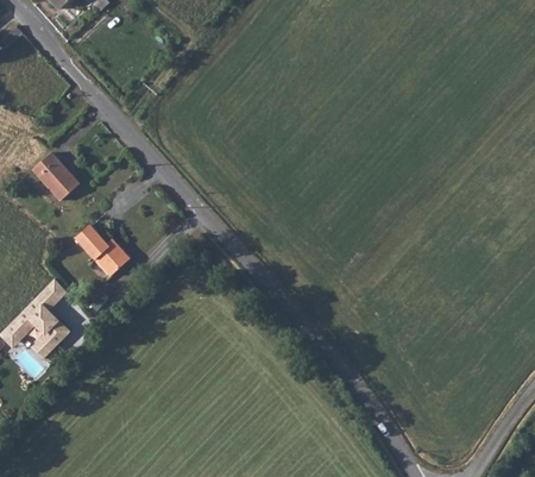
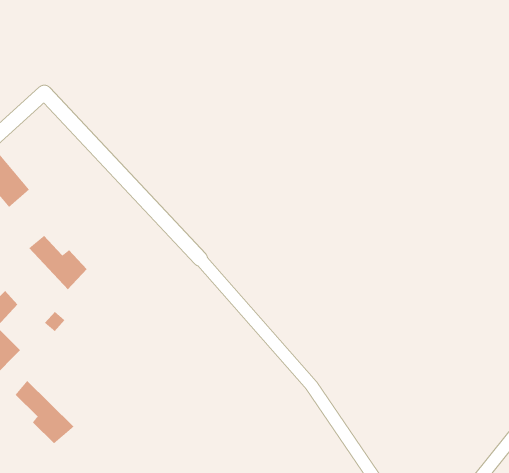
building: none -> [15,380,75,444]

